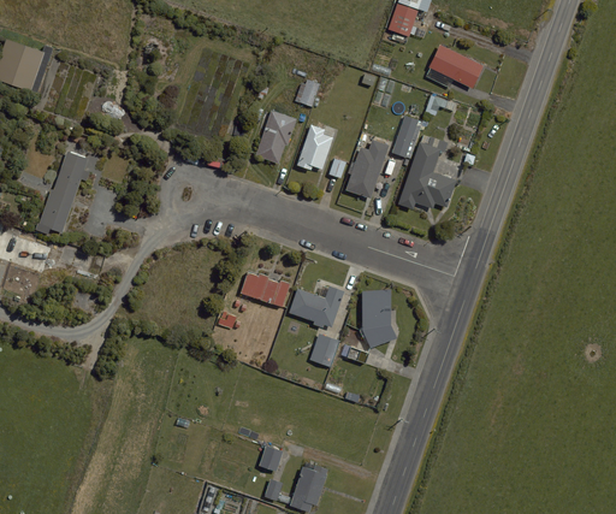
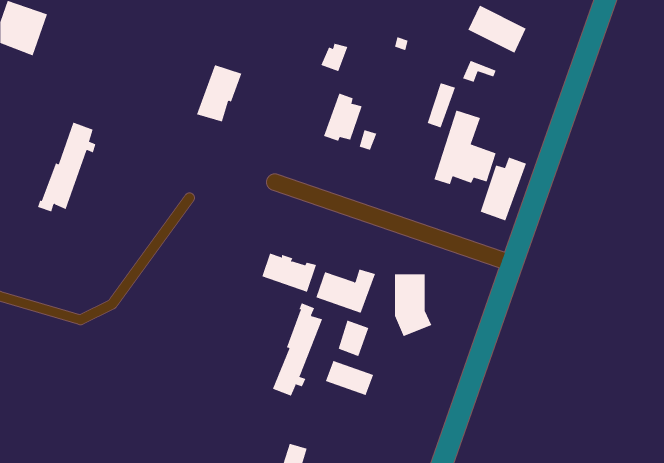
building: [255,111,297,164] -> [196,64,242,122]
building: [346,140,390,199] -> [480,157,527,221]
building: none -> [272,303,323,396]
building: none -> [325,360,374,396]

